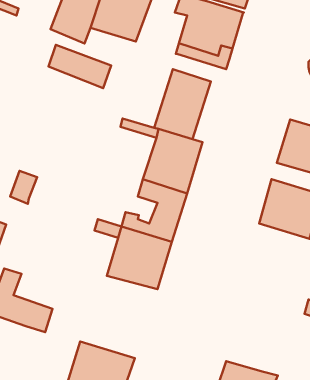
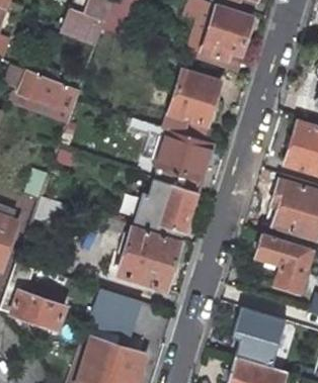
building: [49,45,111,88] -> [18,71,80,113]
building: none -> [256,232,311,292]
building: none -> [90,290,141,327]
building: none -> [231,306,286,368]

